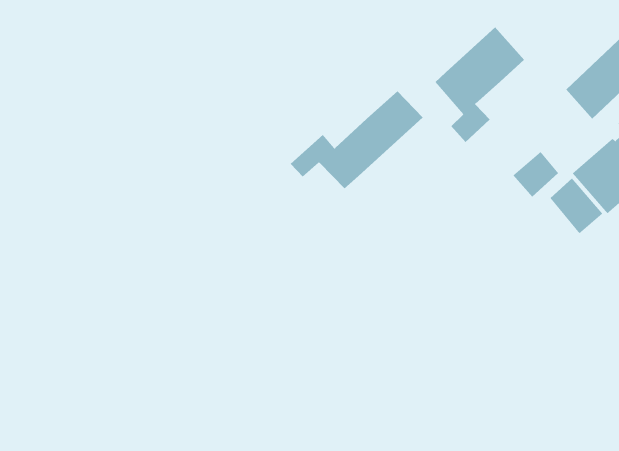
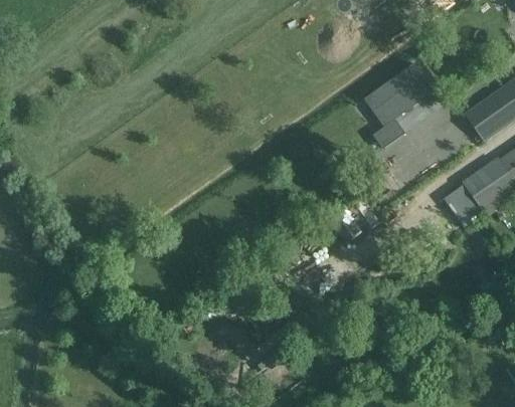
building: [290,90,424,189] -> none
building: [513,151,559,198] -> none

